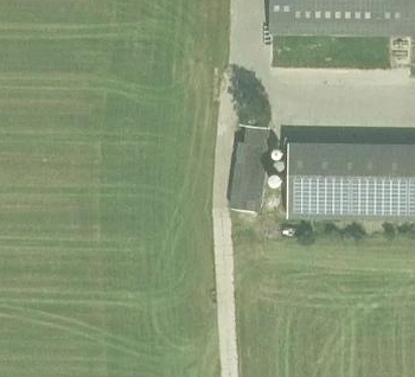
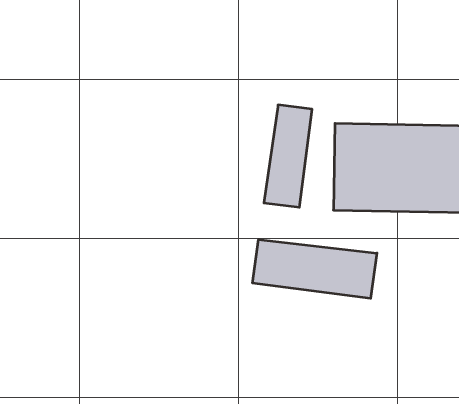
building: none -> [253,239,377,298]

